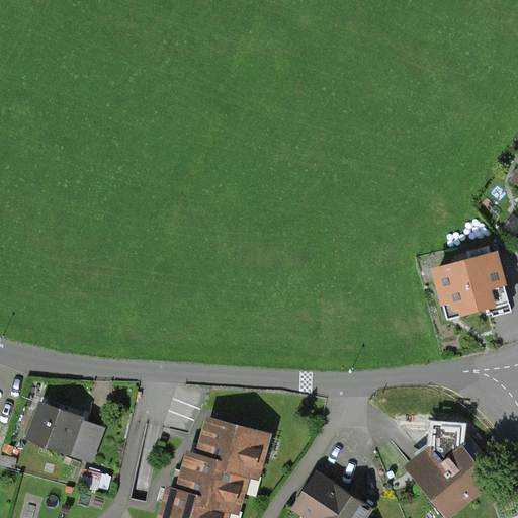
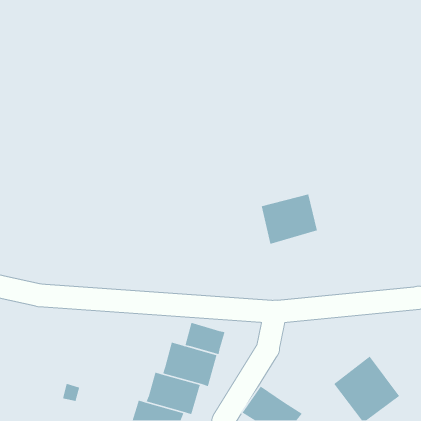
building: [436,254,506,317] -> [261,194,318,245]
building: none -> [184,322,226,355]
building: [29,403,99,458] -> none

